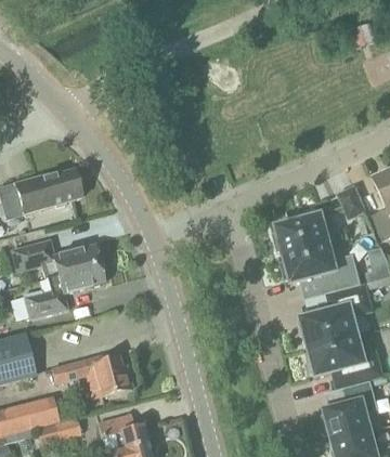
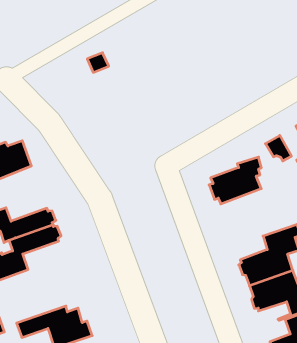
building: [281,243,360,293] -> none

